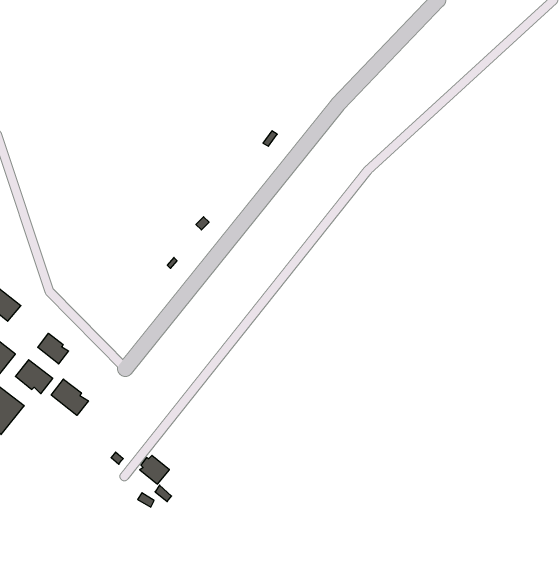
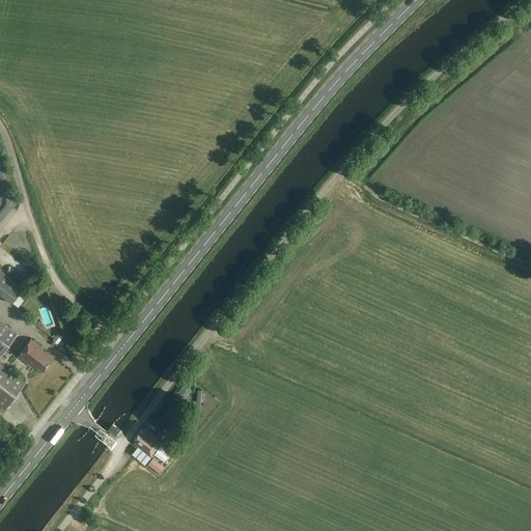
building: [38,333,69,364] -> none
building: [51,379,88,415] -> none

